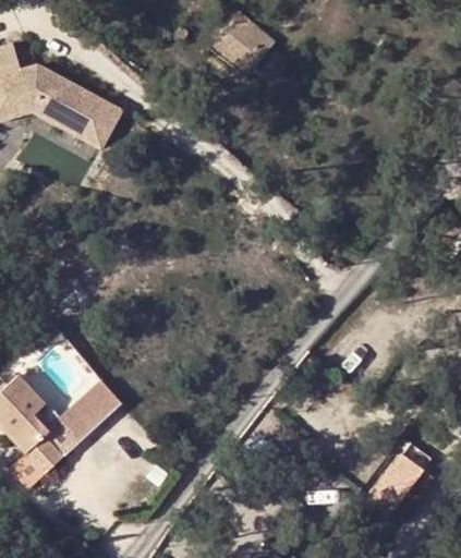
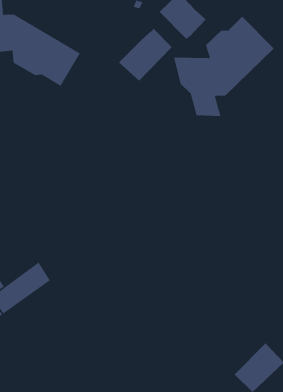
building: none -> [173,16,275,117]
building: none -> [118,28,173,82]

